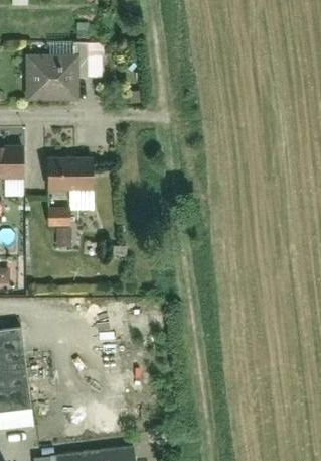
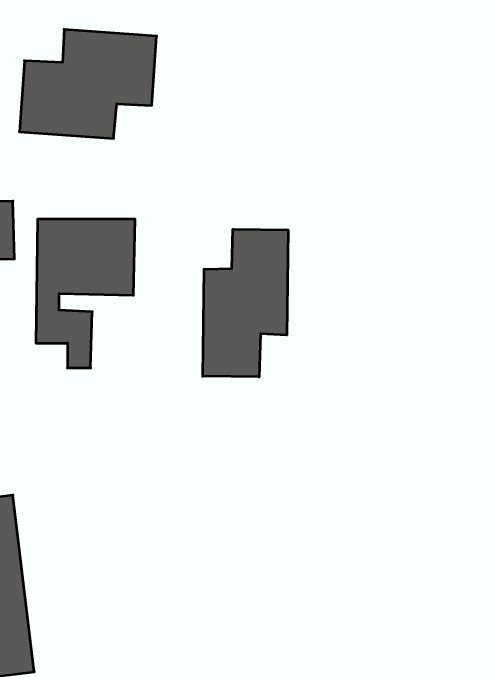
building: none -> [203,229,288,377]

